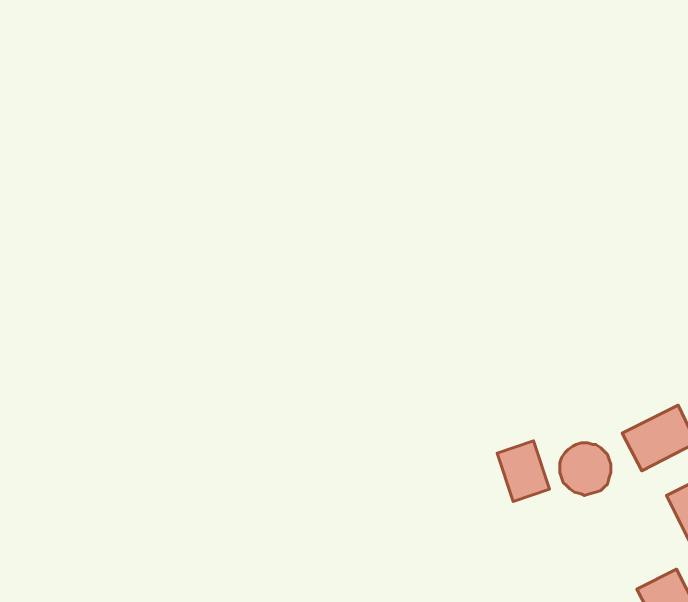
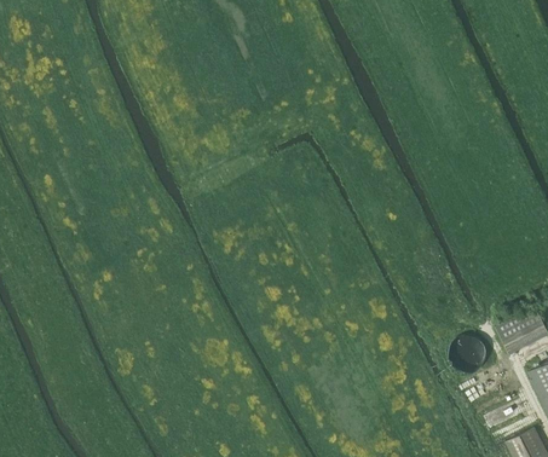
building: [497,441,550,502] -> none

